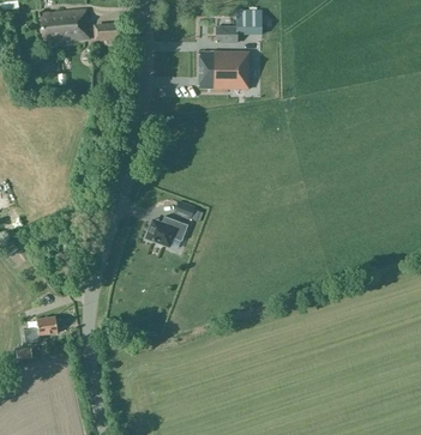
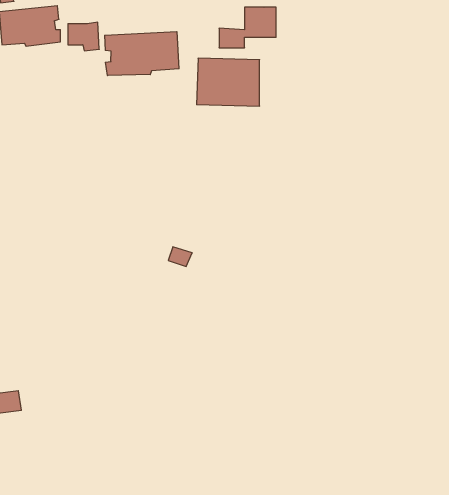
building: none -> [105,32,179,76]
building: [145,216,187,246] -> none

